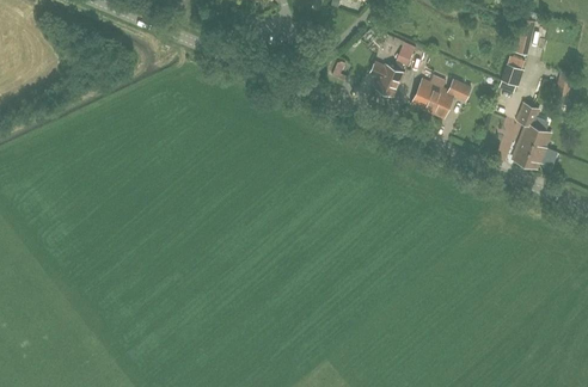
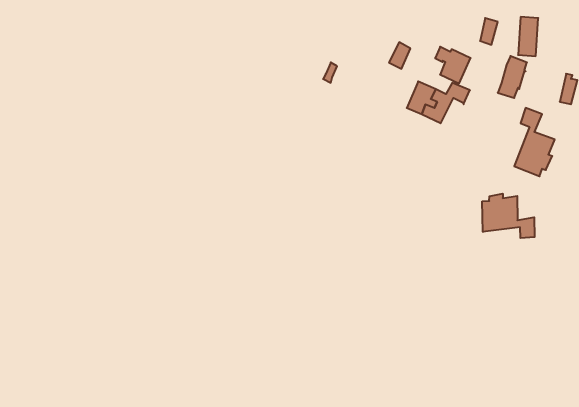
building: [370,61,404,96] -> [435,47,471,83]
building: none -> [482,194,535,238]

